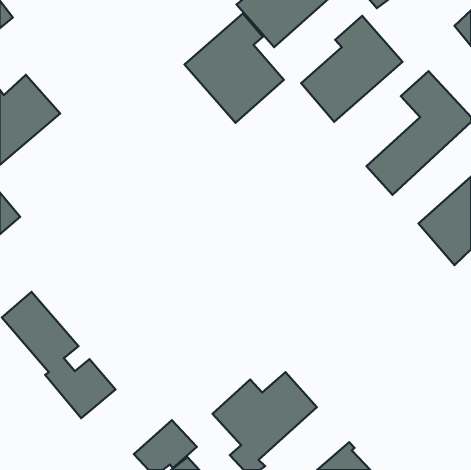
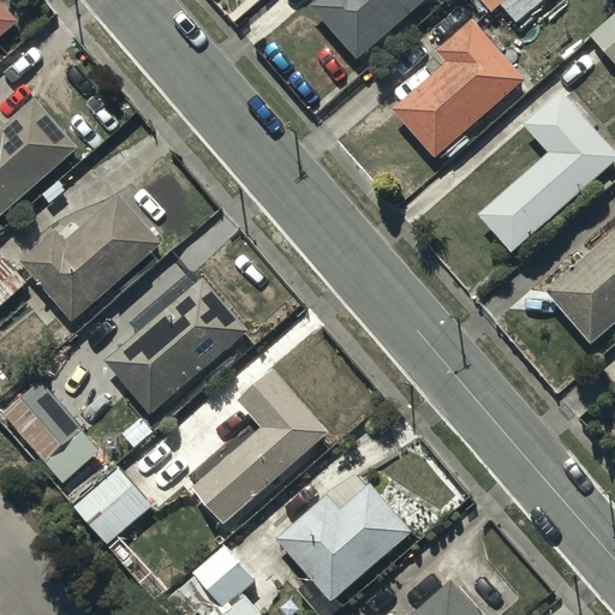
building: [184,13,284,123] -> none
building: none -> [19,195,160,321]
building: none -> [106,277,249,414]
building: none -> [192,370,327,523]

